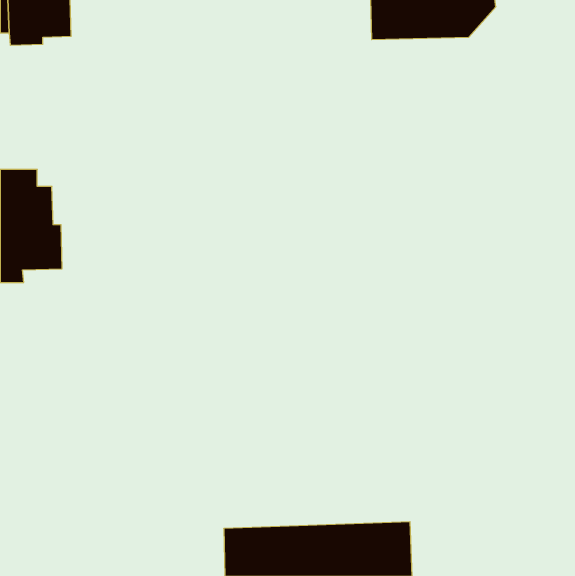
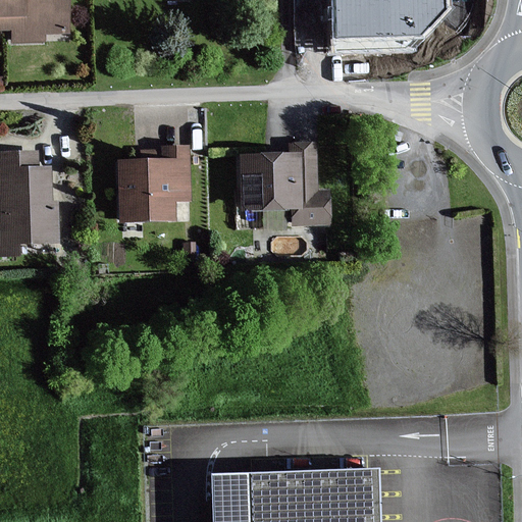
building: none -> [240,145,328,222]
building: none -> [117,147,189,222]

